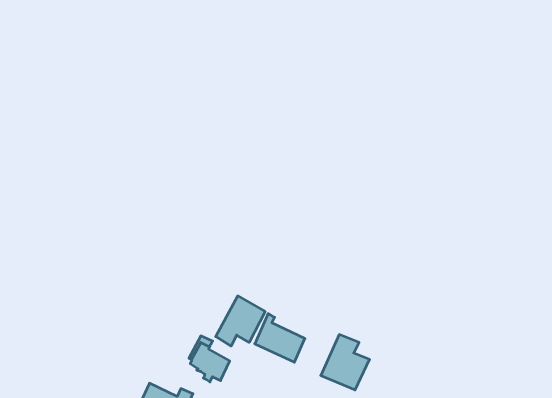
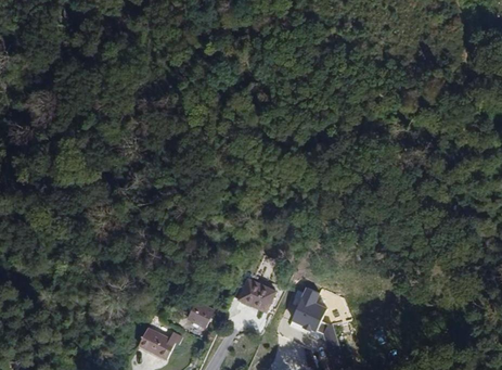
building: [216,296,265,346] -> none

